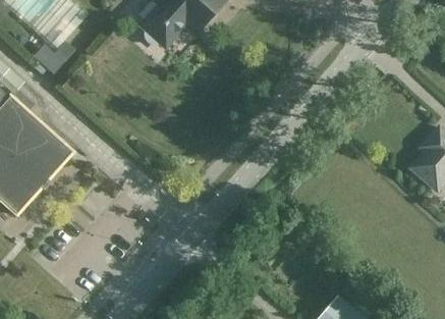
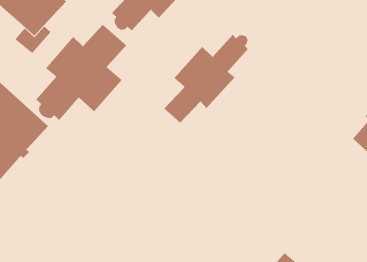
building: none -> [36,24,127,121]
building: none -> [164,34,249,124]

